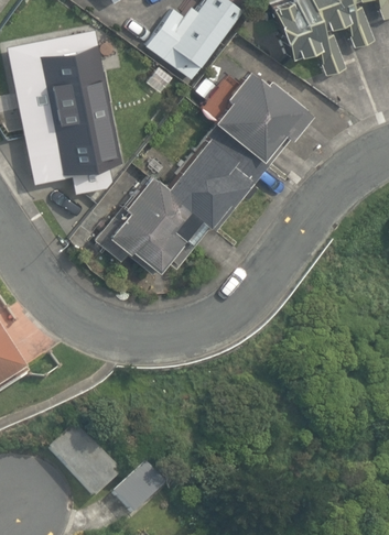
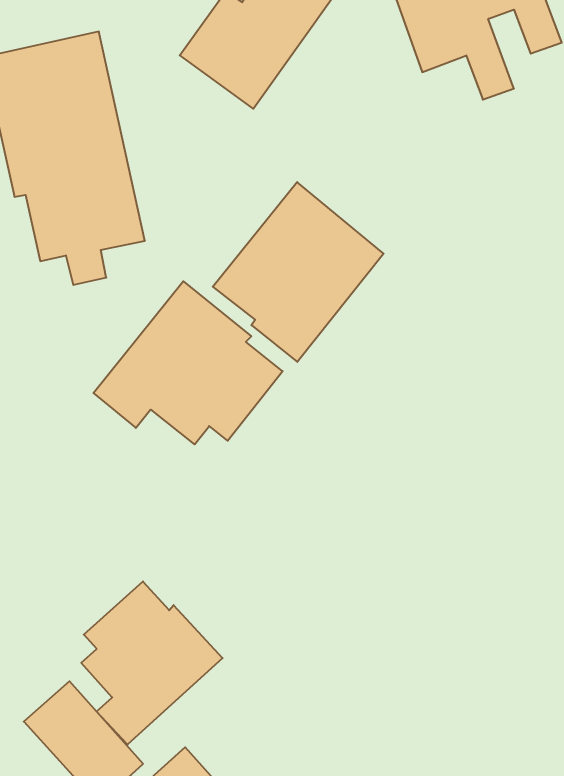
building: [198,68,310,165] -> none
building: none -> [81,581,223,745]

